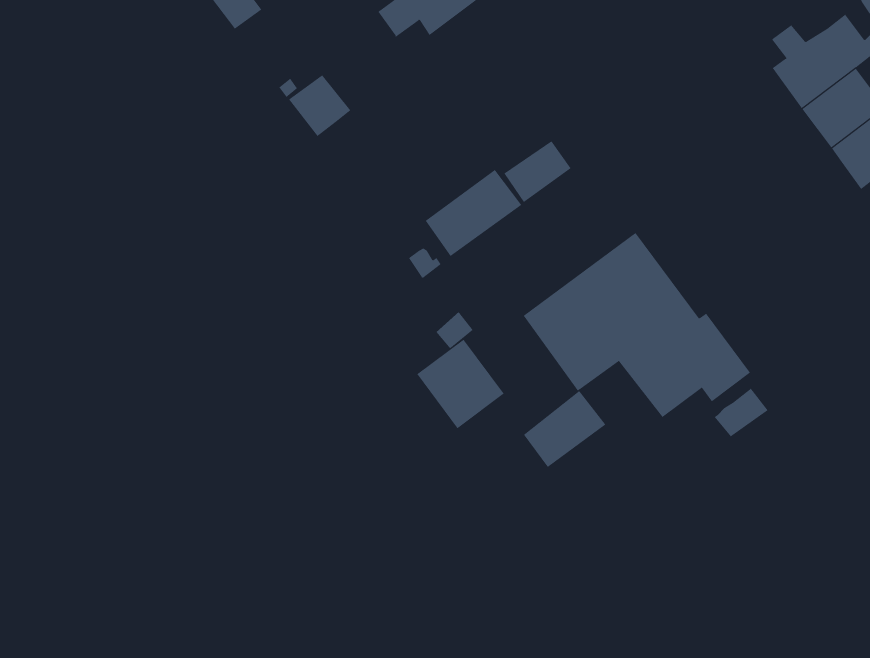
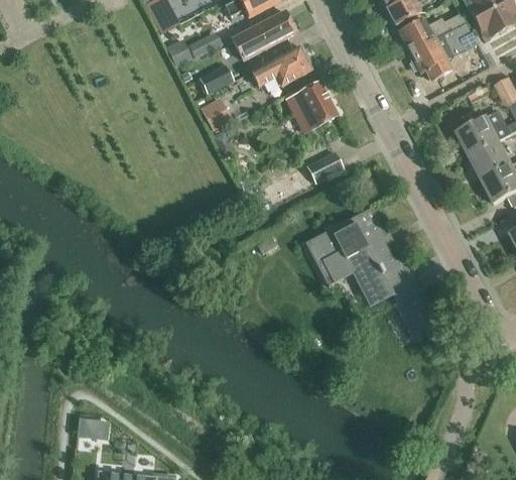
building: none -> [200,63,234,93]
building: none -> [285,82,338,132]
building: [417,339,504,429] -> none
building: [523,390,606,468] -> none

